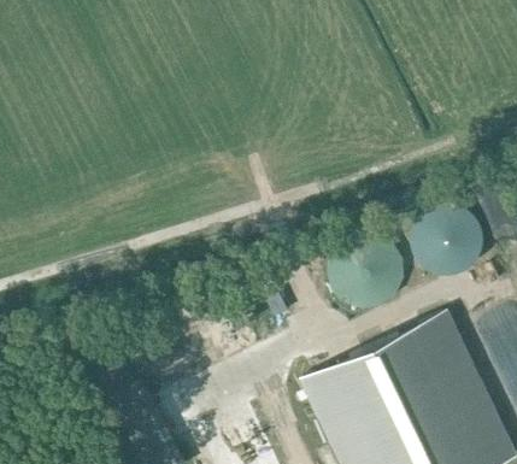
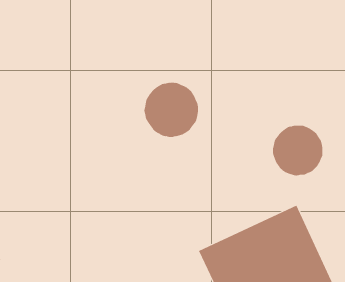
building: [327,233,405,311] -> [144,82,199,138]

